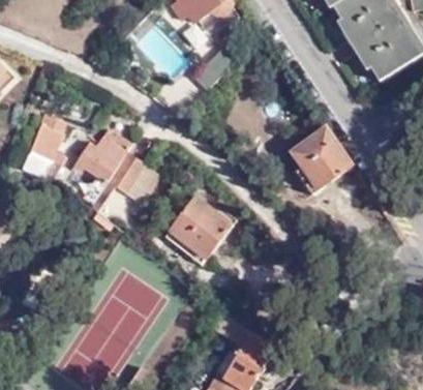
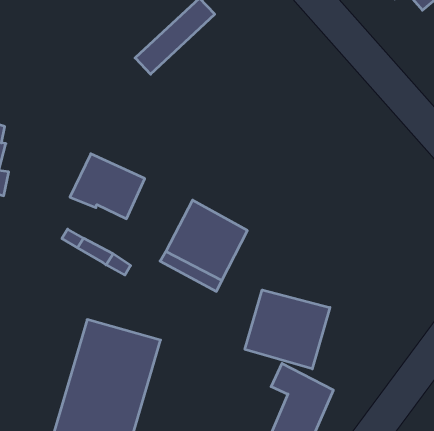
building: [72,126,131,204] -> none
building: [292,128,353,192] -> none
building: none -> [245,290,330,369]

